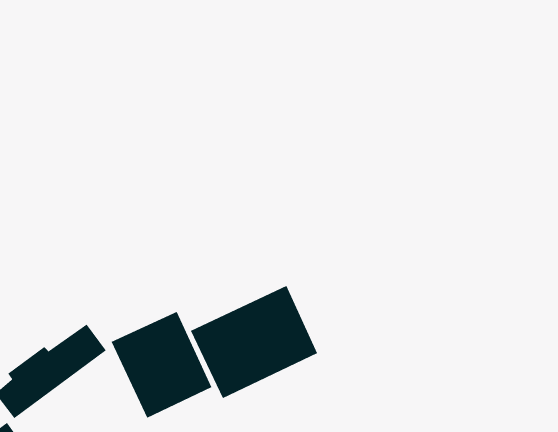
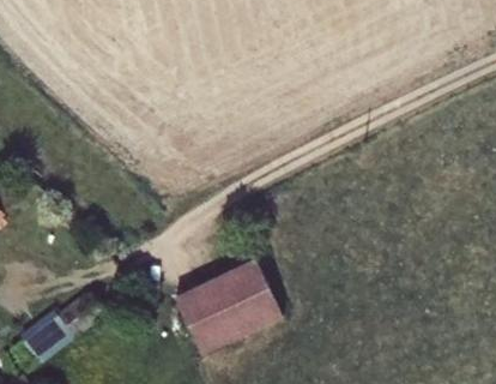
building: [111,311,212,419] -> none

